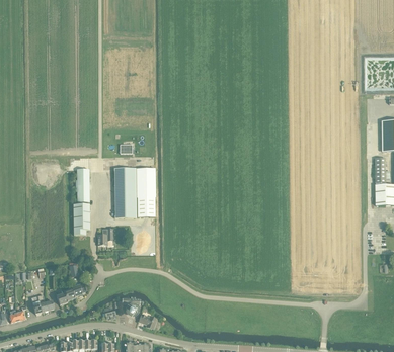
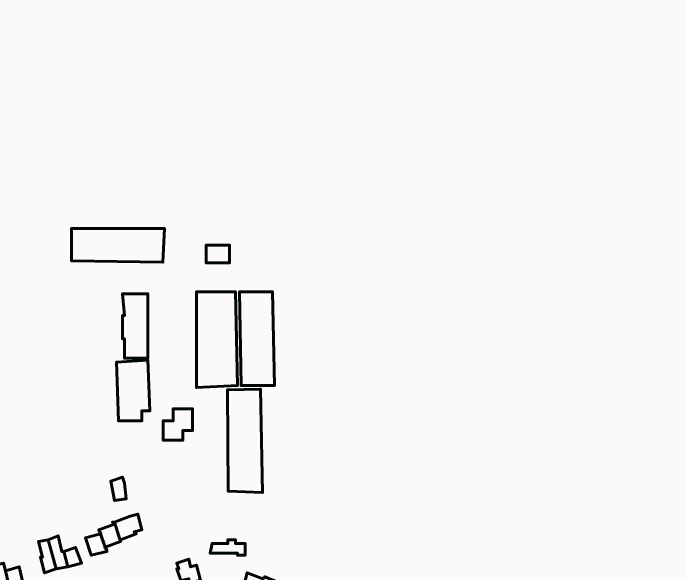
building: none -> [71,228,165,262]
building: none -> [228,389,263,493]

